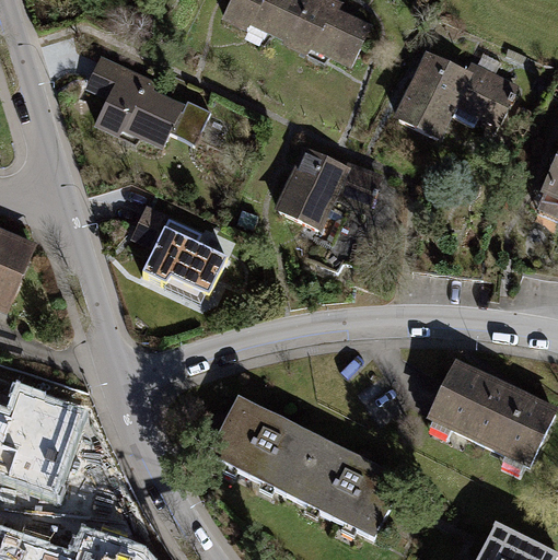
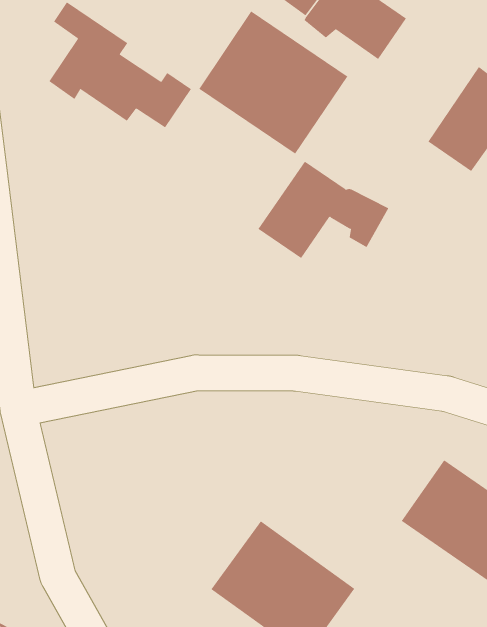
building: none -> [198,11,348,155]
building: [138,209,225,293] -> none
building: [208,395,321,495] -> none

